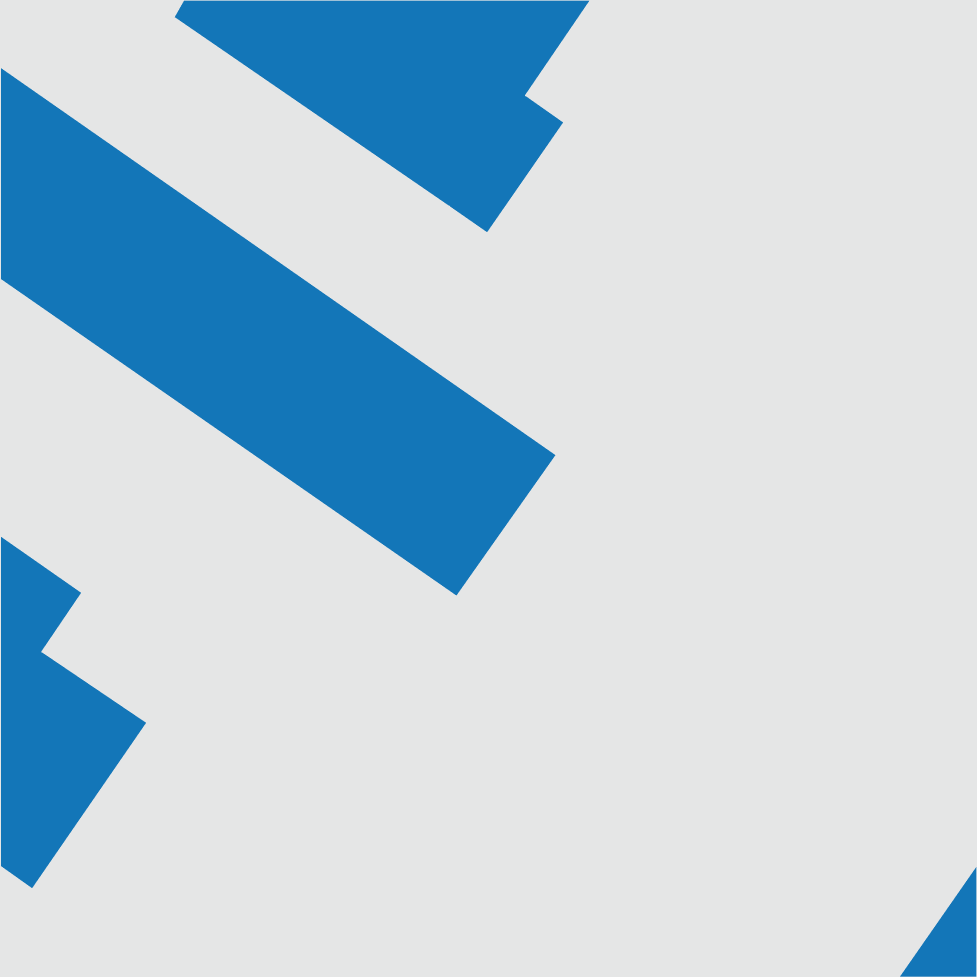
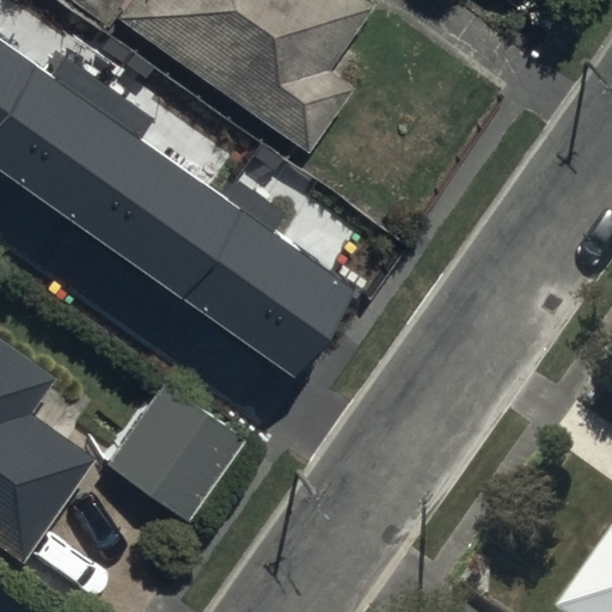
building: none -> [106,381,241,514]

